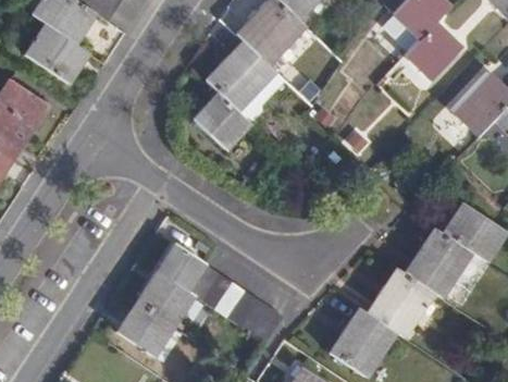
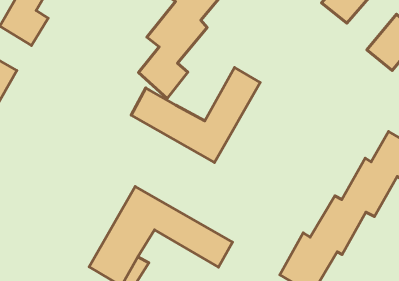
building: none -> [131,67,260,162]

